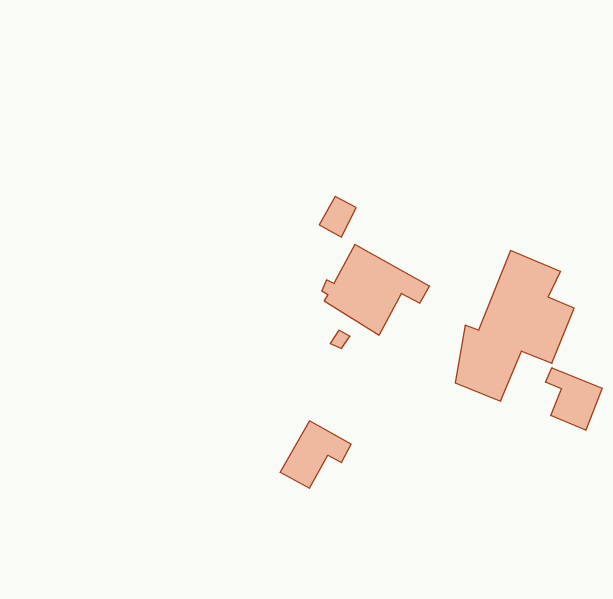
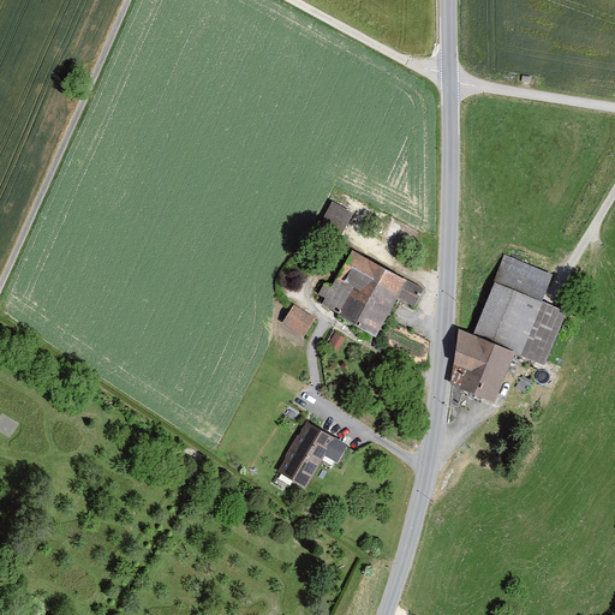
building: none -> [280,305,315,338]
building: [546,368,602,430] -> none

